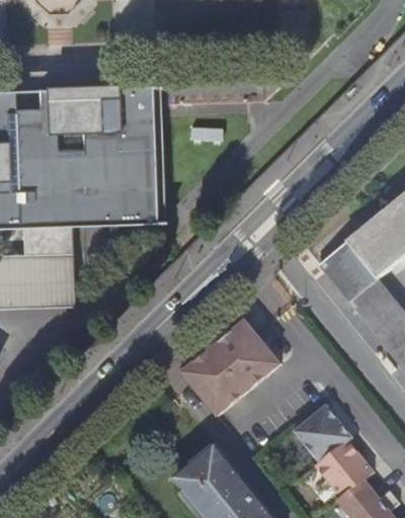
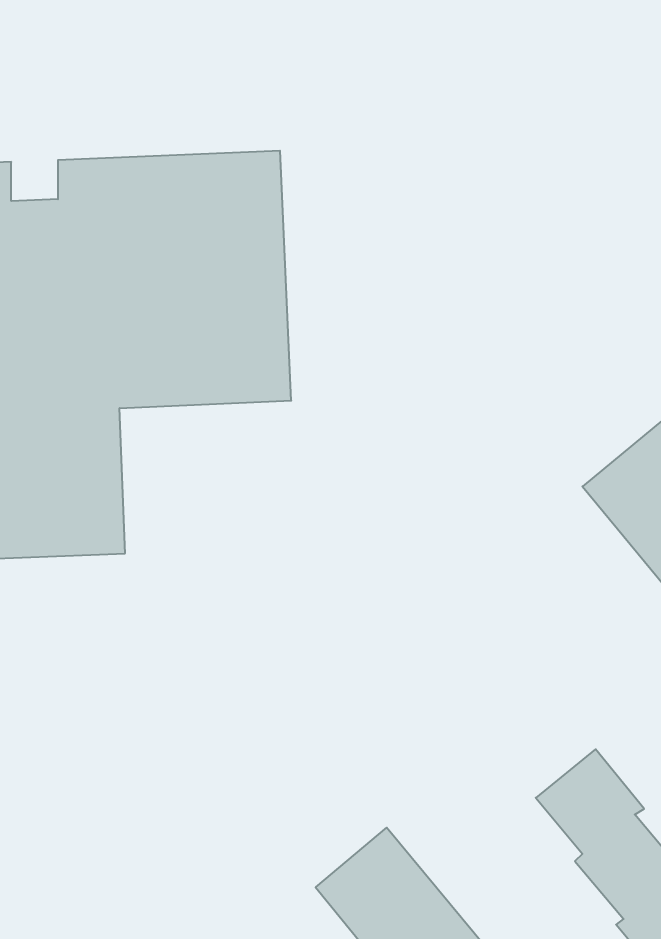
building: [183,325,282,420] -> none

